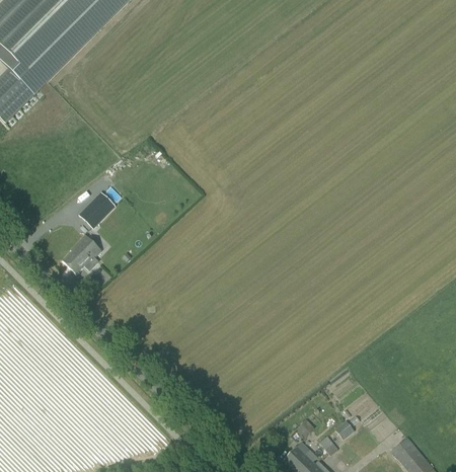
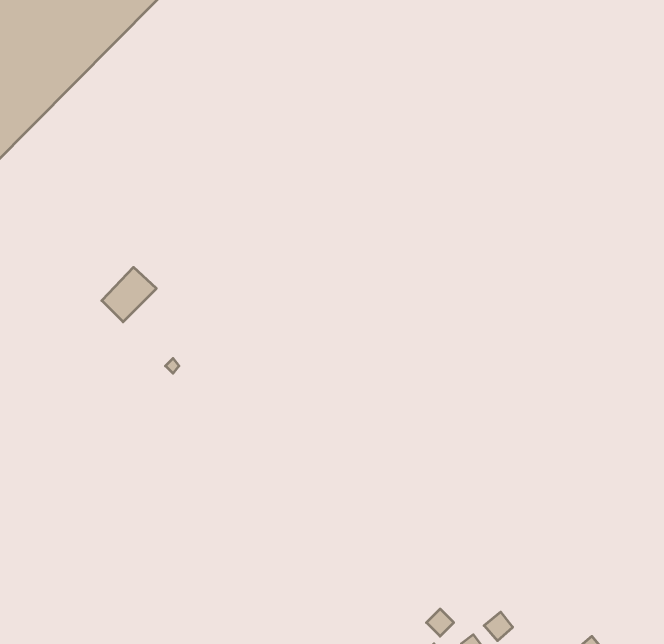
building: [62,234,101,272] -> none

